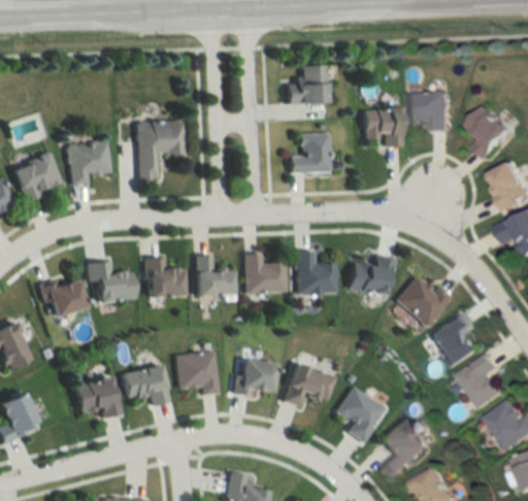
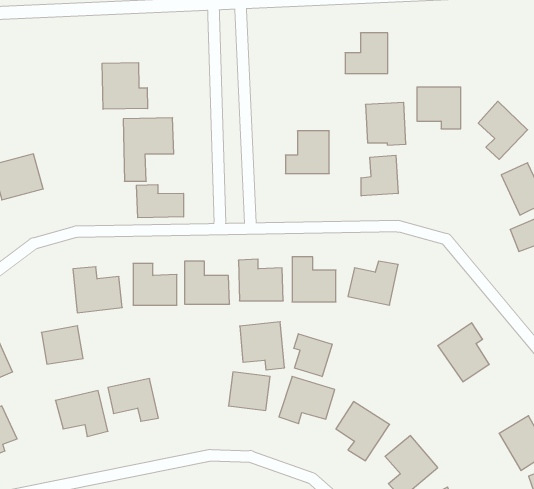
building: [286,64,326,102] -> [345,33,388,73]
building: none -> [102,63,148,109]
building: [67,140,110,185] -> none
building: none -> [361,155,398,196]
building: none -> [136,185,183,218]
building: [396,275,453,326] -> none
building: [44,277,84,313] -> [41,326,83,364]
building: none -> [294,334,332,377]
building: [176,350,219,396] -> [240,322,285,370]
building: [462,355,506,408] -> none

